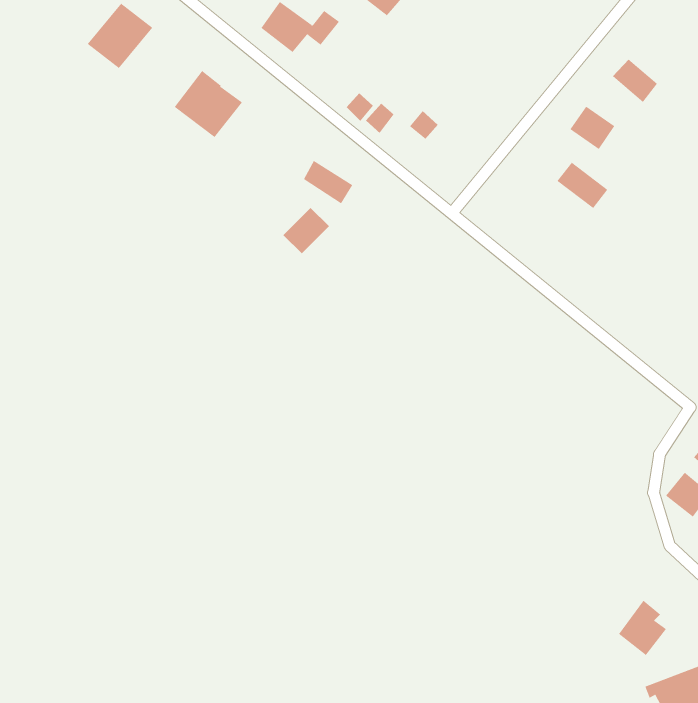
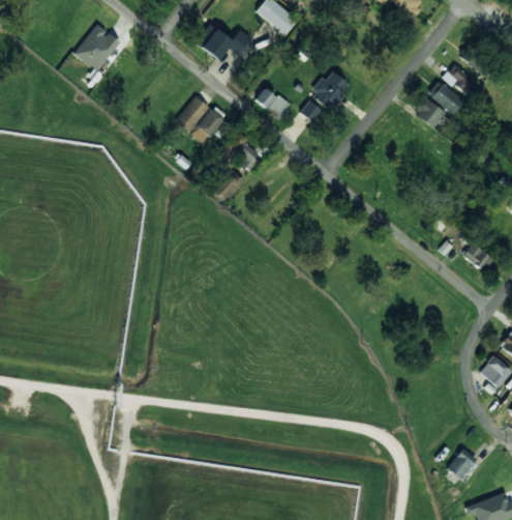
building: none -> [310,71,350,109]
building: [174,70,243,138] -> [177,96,225,144]
building: [557,162,608,209] -> [428,81,464,114]
building: none -> [463,242,495,271]

